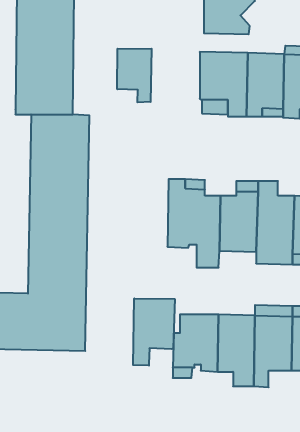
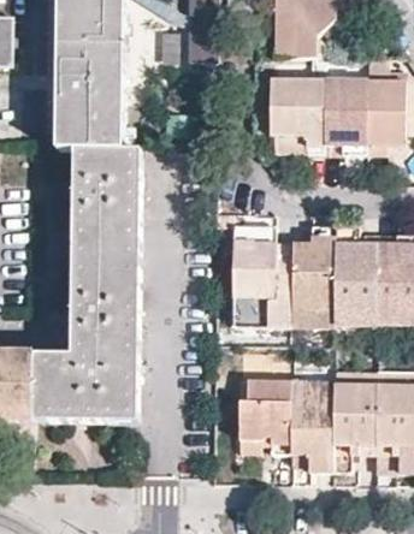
building: [117,49,152,102] -> none
building: [133,298,175,366] -> none

